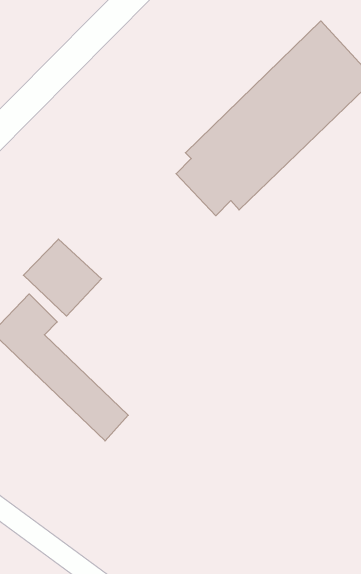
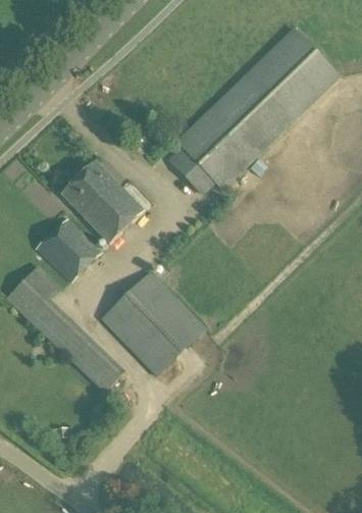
building: none -> [60,160,143,243]
building: none -> [100,269,206,377]

